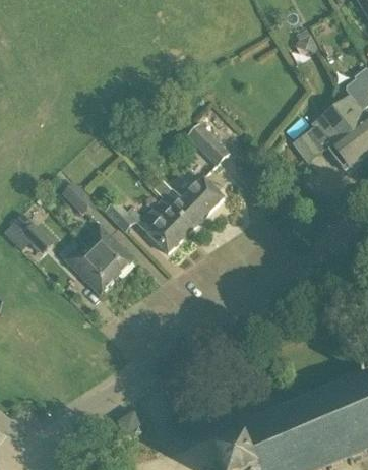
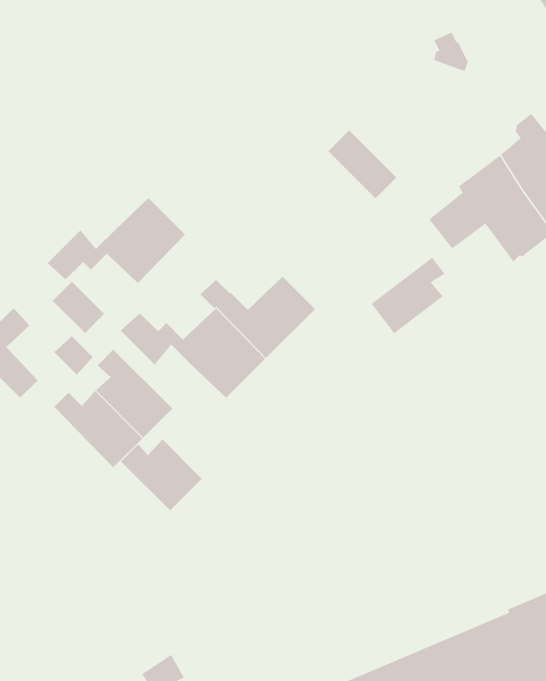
building: [186,122,229,165] -> [327,129,397,199]
building: none -> [47,197,186,284]
building: none -> [371,257,445,334]
building: none -> [120,439,203,511]

